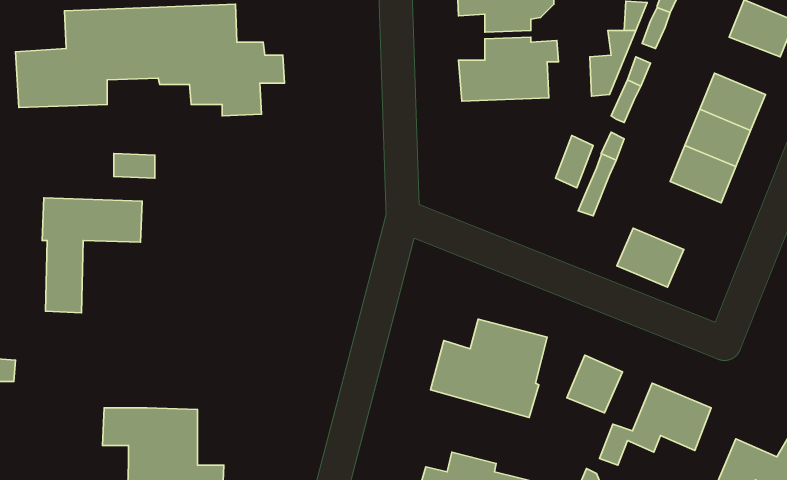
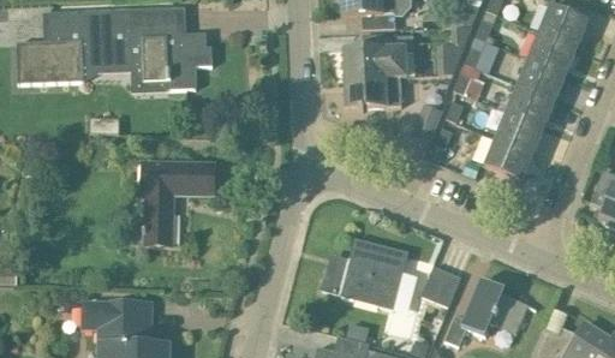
building: none -> [529,31,577,73]
building: none -> [344,76,407,107]
building: [42,198,142,313] -> [143,162,216,246]
building: [617,228,684,287] -> [484,137,533,180]

